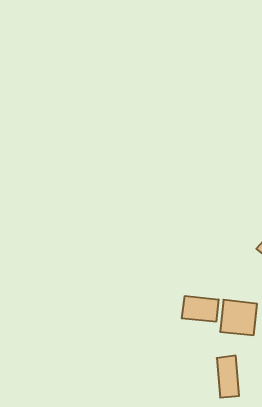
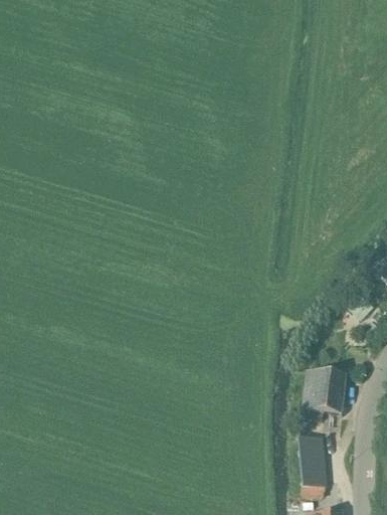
building: [182,296,219,322] -> none

